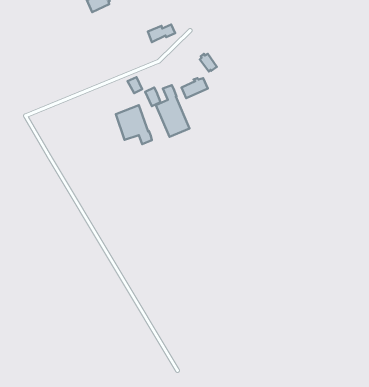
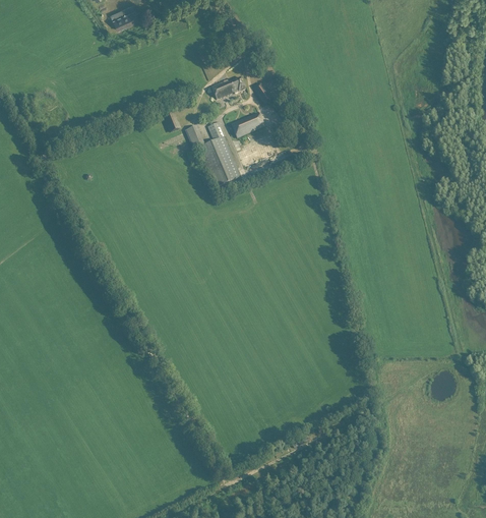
building: [148,24,175,42] -> [212,76,247,99]
building: [116,105,152,144] -> none

